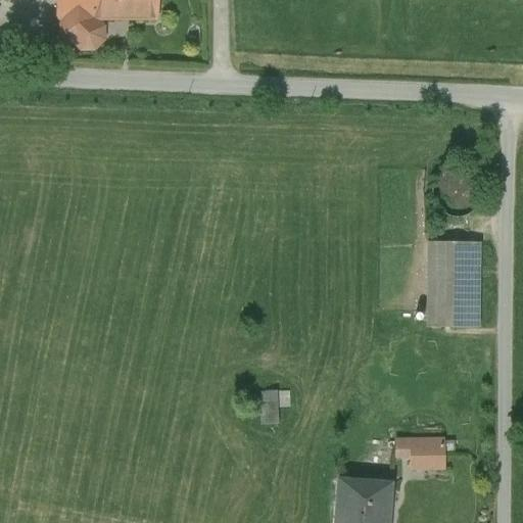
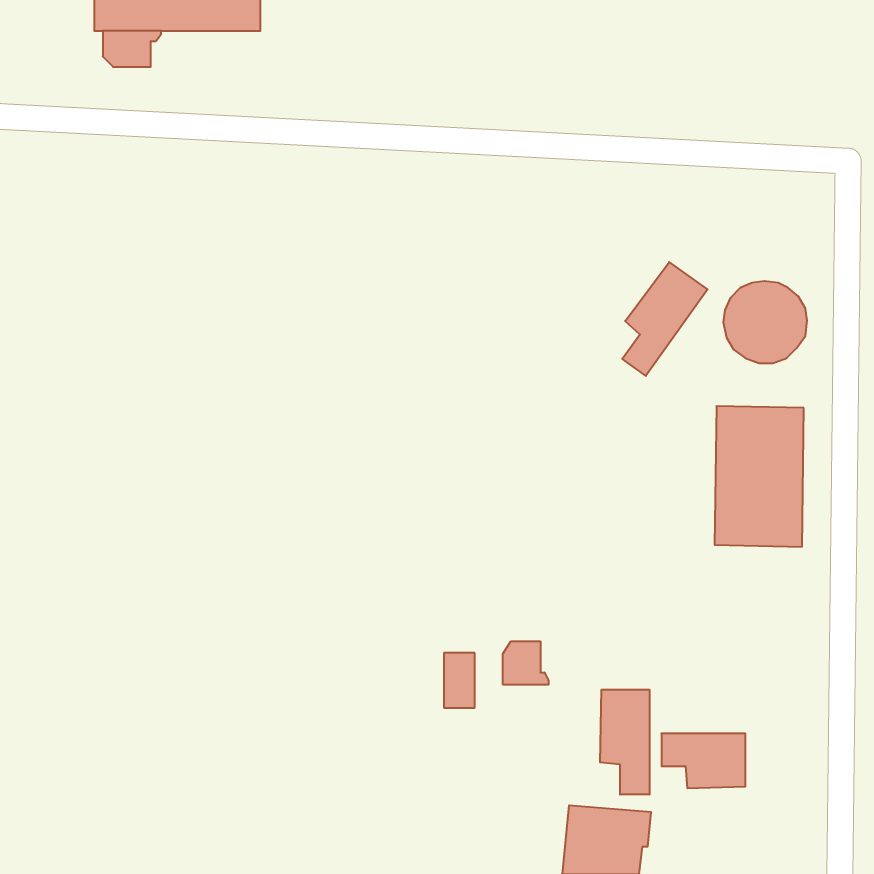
building: none -> [622,262,708,376]
building: none -> [503,641,548,685]
building: none -> [600,690,649,795]

